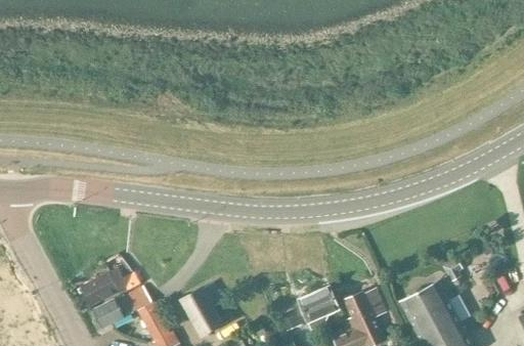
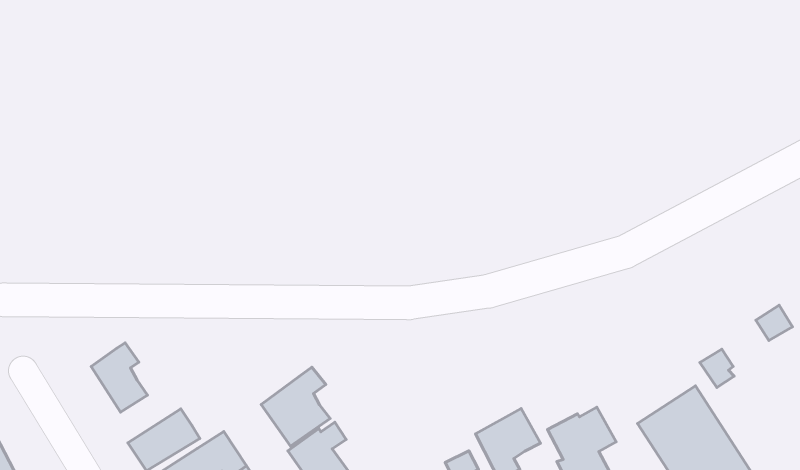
building: none -> [91,343,148,412]
building: none -> [261,367,330,446]

